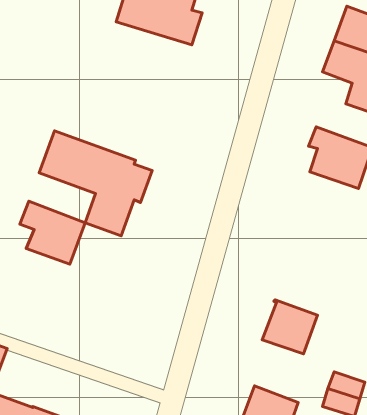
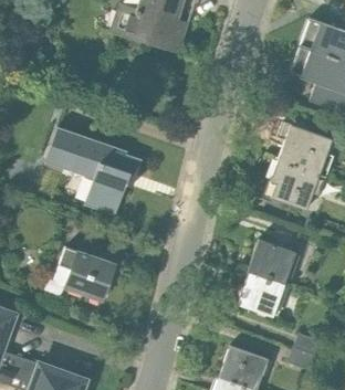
building: none -> [259,160,321,211]
building: [20,201,85,264] -> [60,245,116,299]
building: none -> [249,239,296,284]

